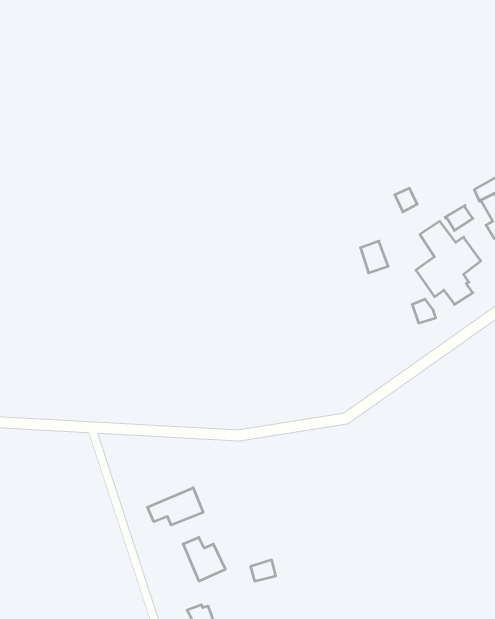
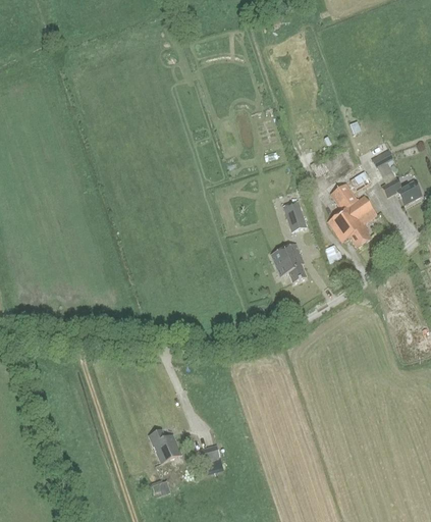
building: none -> [270,243,307,282]
building: [147,488,203,525] -> none

